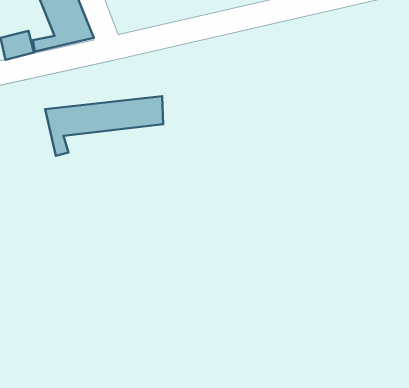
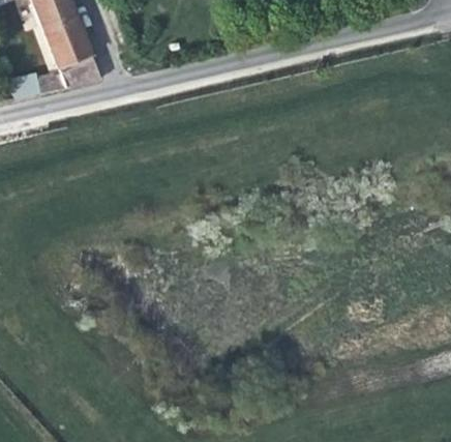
building: [45,96,163,156] -> none

